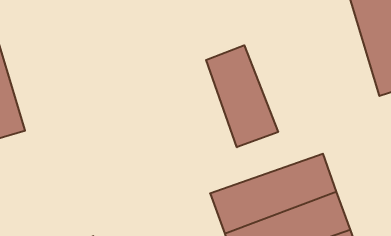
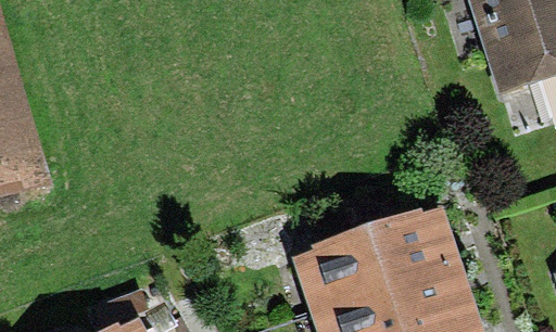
building: [206,45,278,147] -> none

